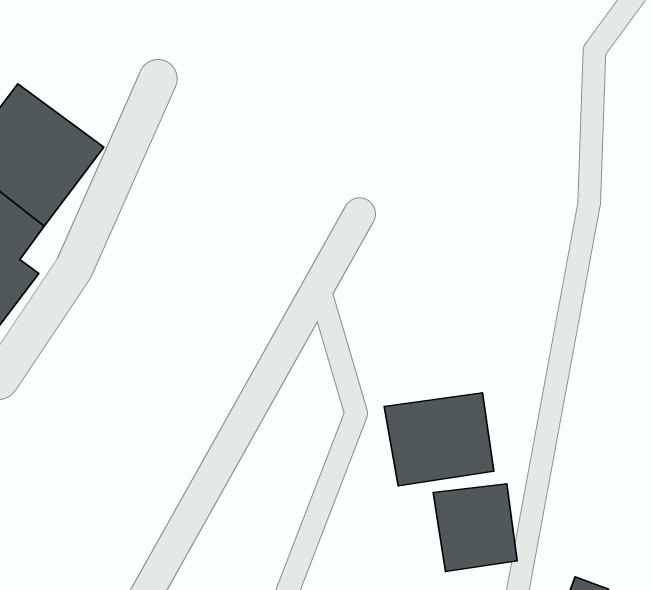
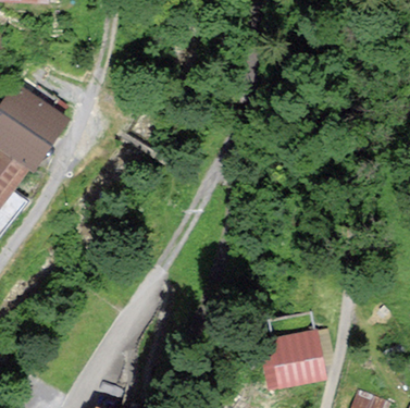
building: [384,393,494,486] -> none

